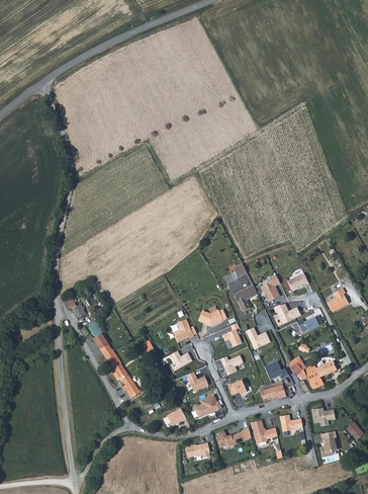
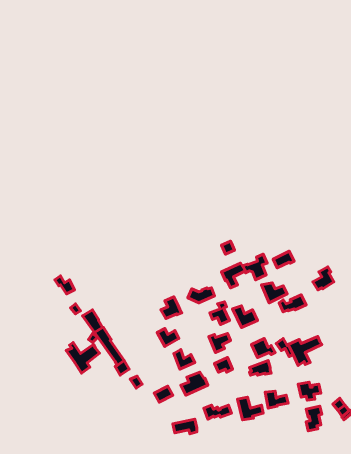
building: none -> [66,342,99,373]

